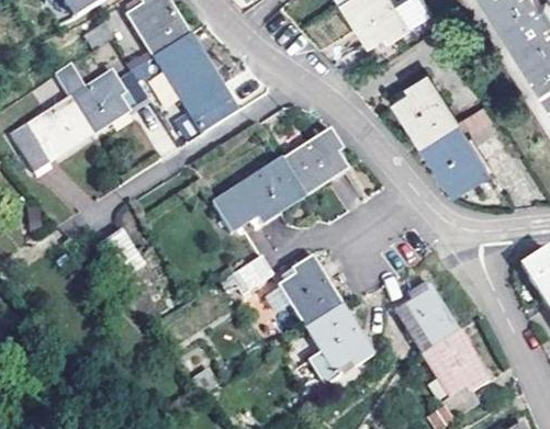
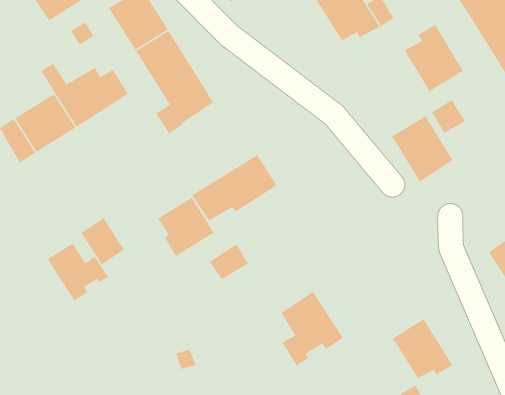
building: [394,72,457,144] -> [404,24,464,92]
building: [281,131,346,195] -> none
building: none -> [157,197,215,257]
building: none -> [47,243,109,302]
building: [278,257,339,328] -> none
building: [394,283,454,354] -> none

